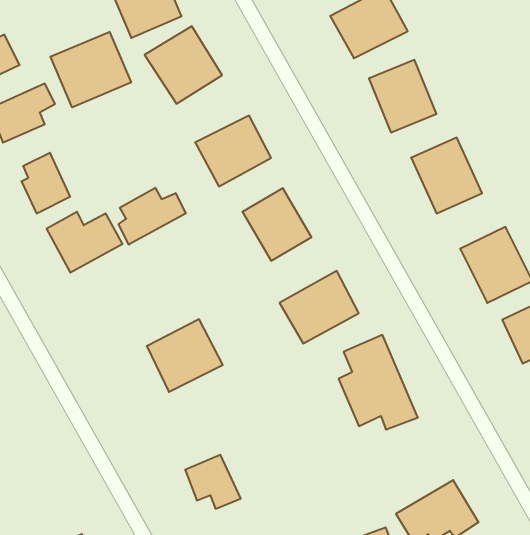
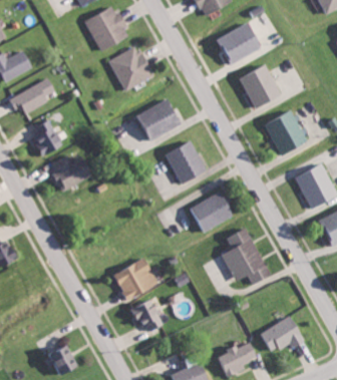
building: [50,32,131,107] -> none
building: [119,188,186,245] -> none
building: [147,319,223,392] -> [113,257,158,300]

